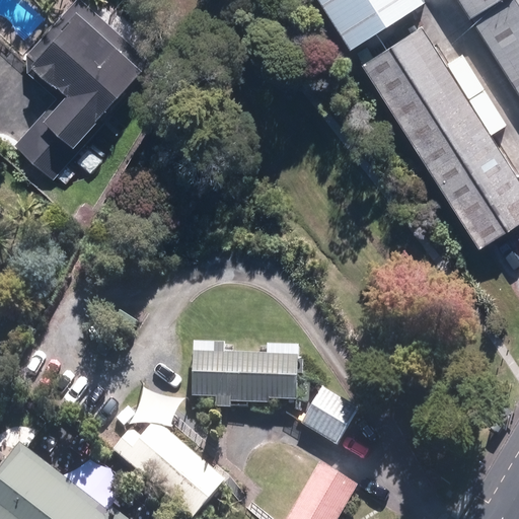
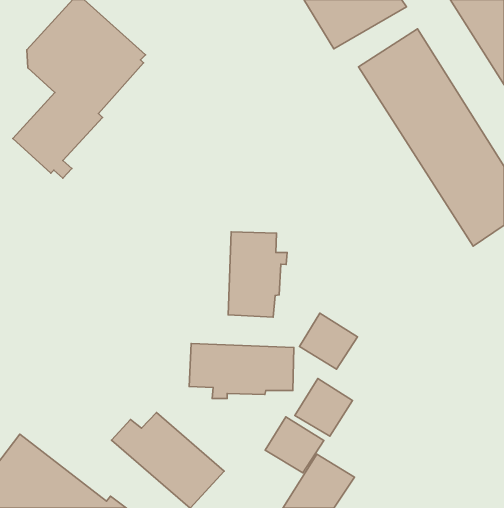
building: none -> [228,232,287,317]
building: none -> [299,313,358,369]
building: none -> [265,417,324,473]

